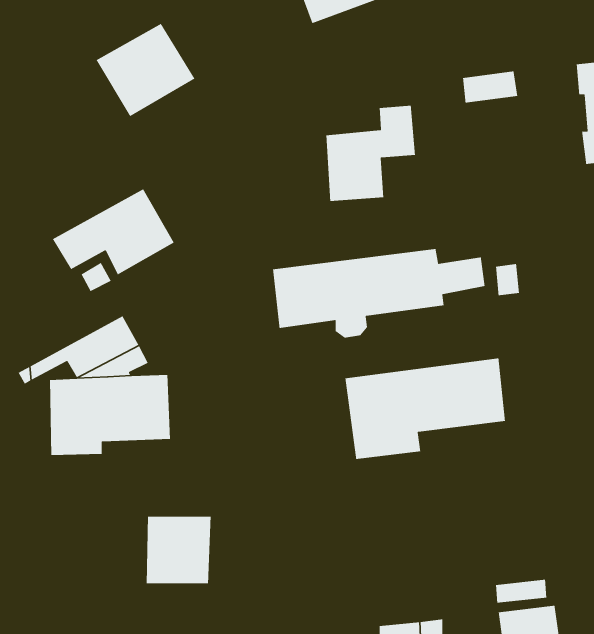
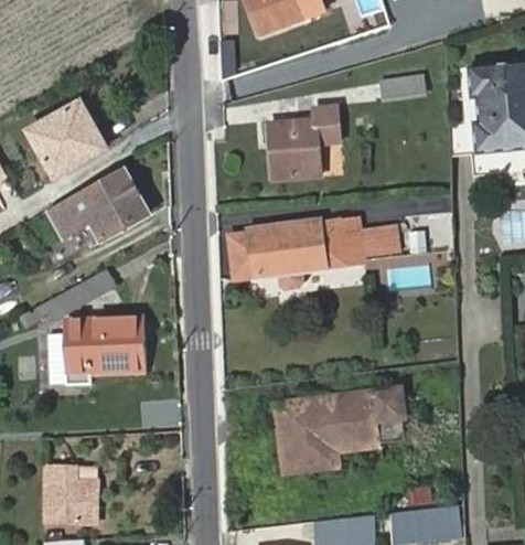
building: [96,23,195,117] -> [28,101,108,178]
building: [345,357,506,460] -> [276,387,406,470]
building: [146,516,212,584] -> [45,468,98,523]

